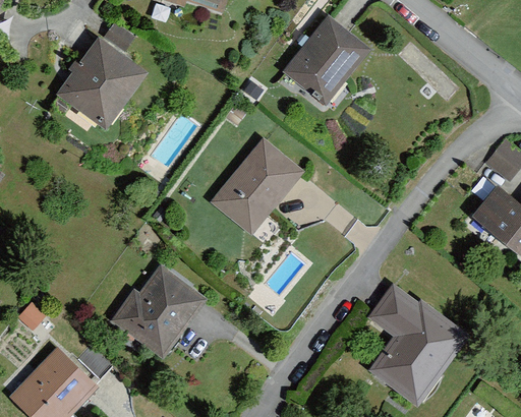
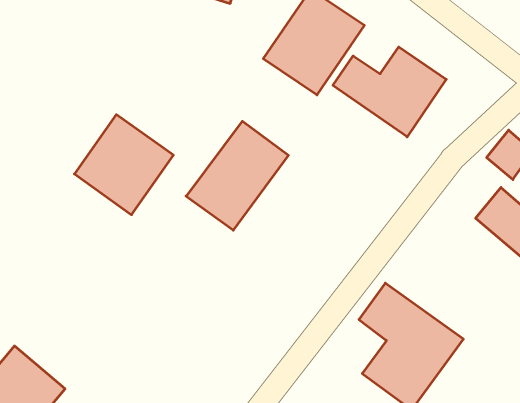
building: [55,36,147,128] -> [74,115,173,215]
building: none -> [333,47,446,137]
building: [104,267,202,359] -> none

